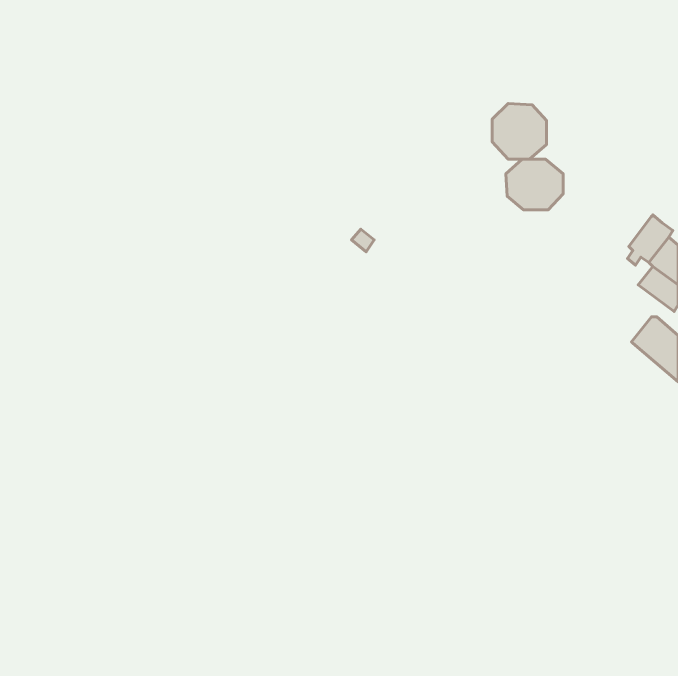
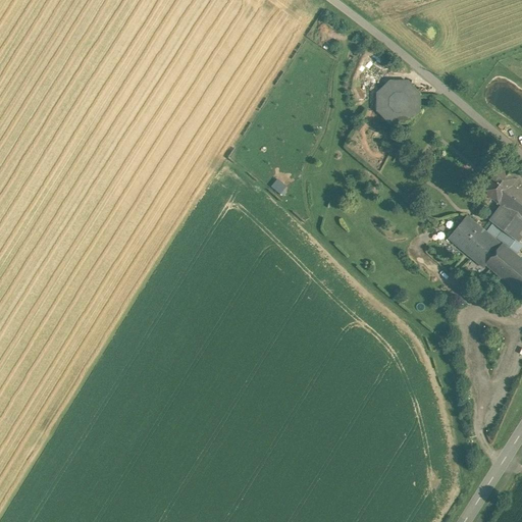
building: [506,159,563,210] -> none
building: none -> [450,216,501,266]

